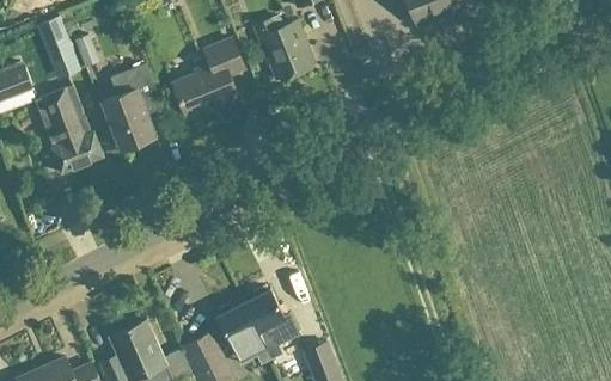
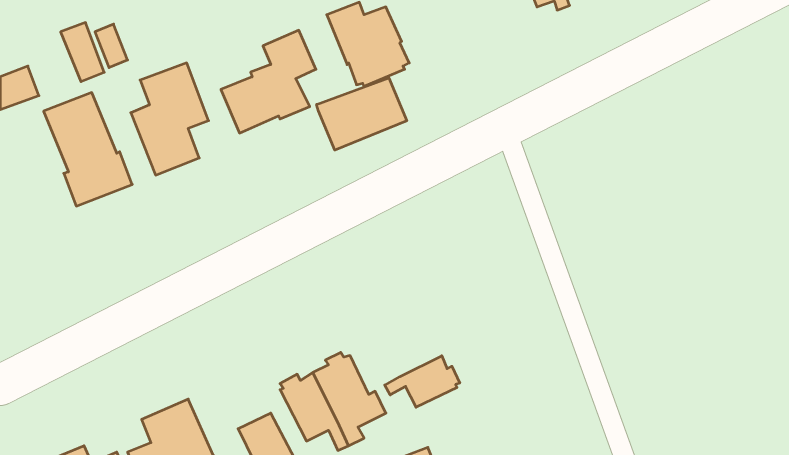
building: none -> [317,78,407,150]
building: none -> [385,356,460,407]

